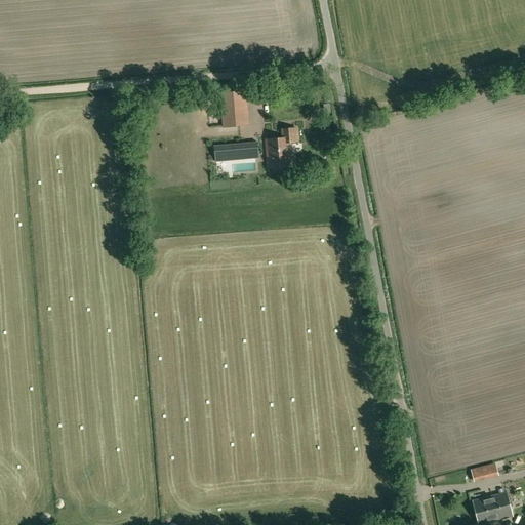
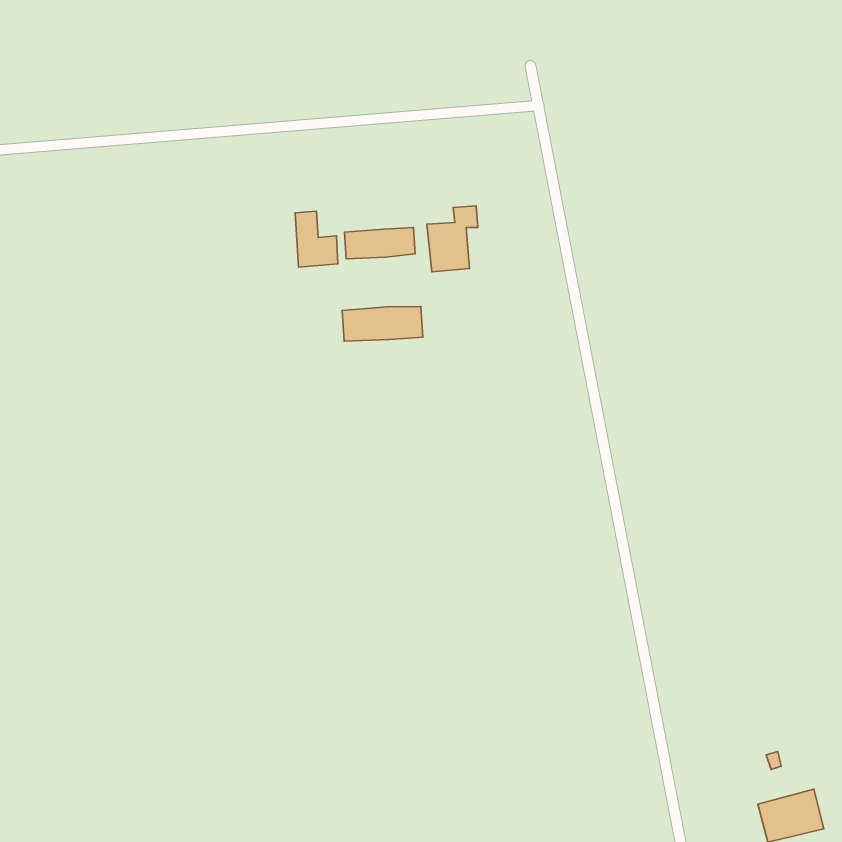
building: [221,91,248,126] -> [295,211,338,267]
building: none -> [342,306,423,341]

